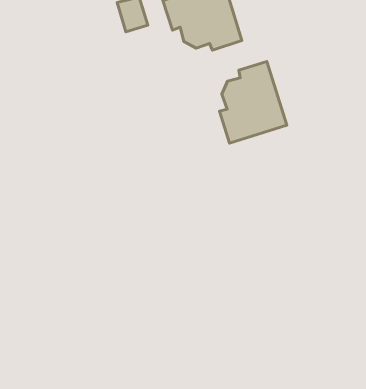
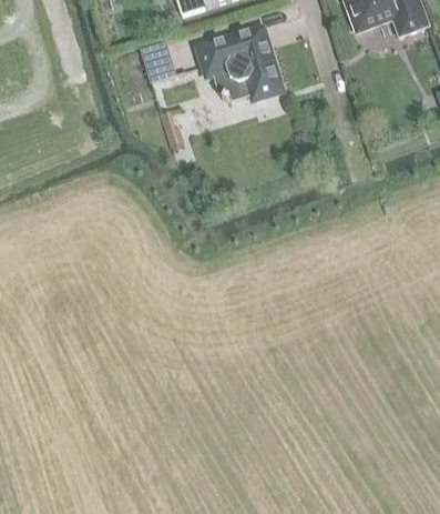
building: [220,62,287,143] -> none

